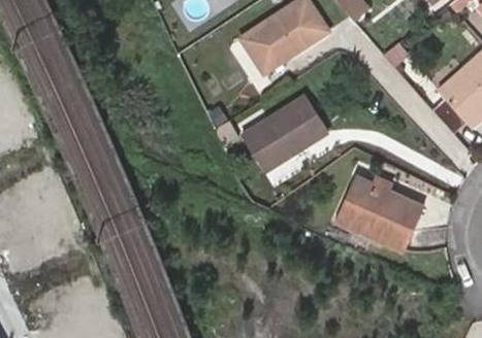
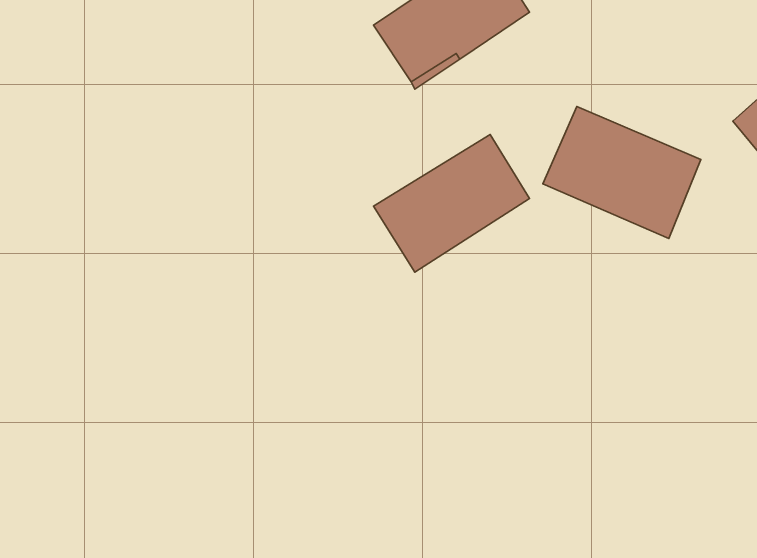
building: [336,173,423,245] -> [543,107,701,239]

